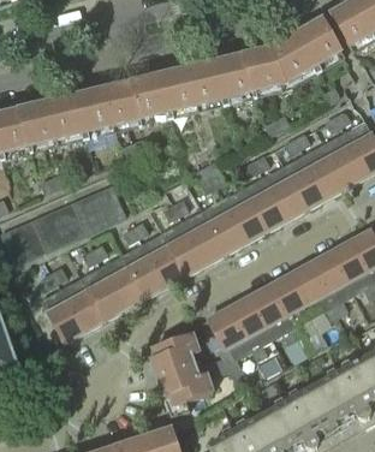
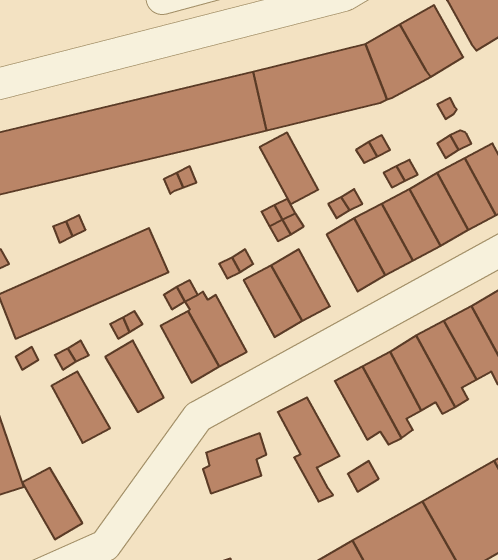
building: [222,186,266,239] -> [260,133,318,204]
building: [161,220,204,273] -> none
building: [100,254,143,307] -> none
building: [59,276,103,329] -> [22,468,82,539]
building: [228,295,273,358] -> none
building: [157,364,213,415] -> none

